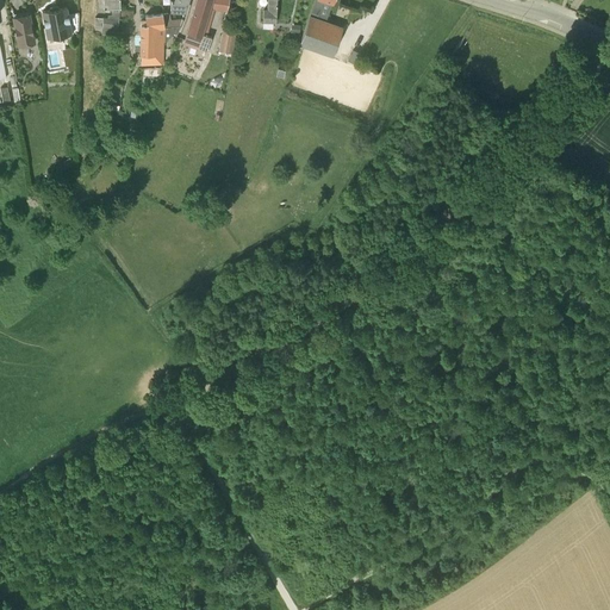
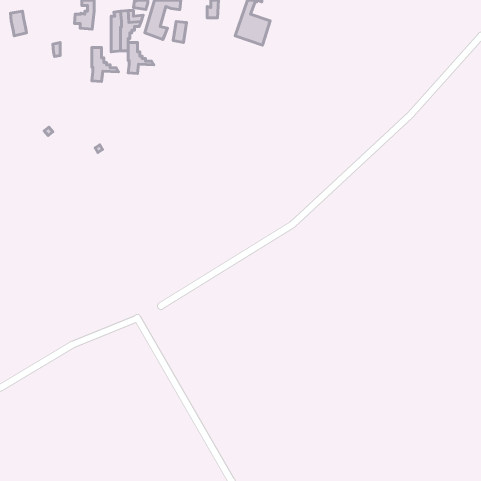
building: [42,7,79,39] -> none
building: none -> [128,43,154,73]
building: none -> [92,47,119,81]

